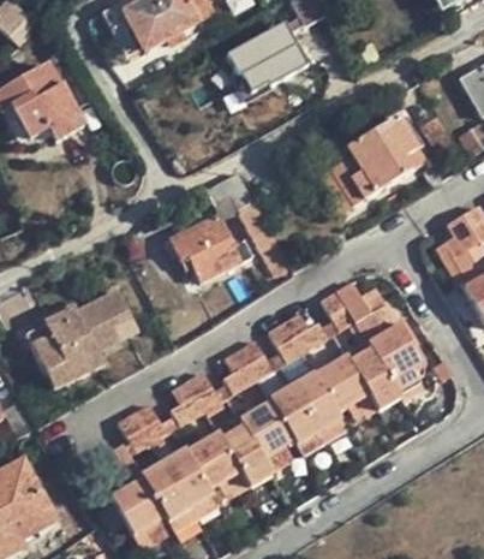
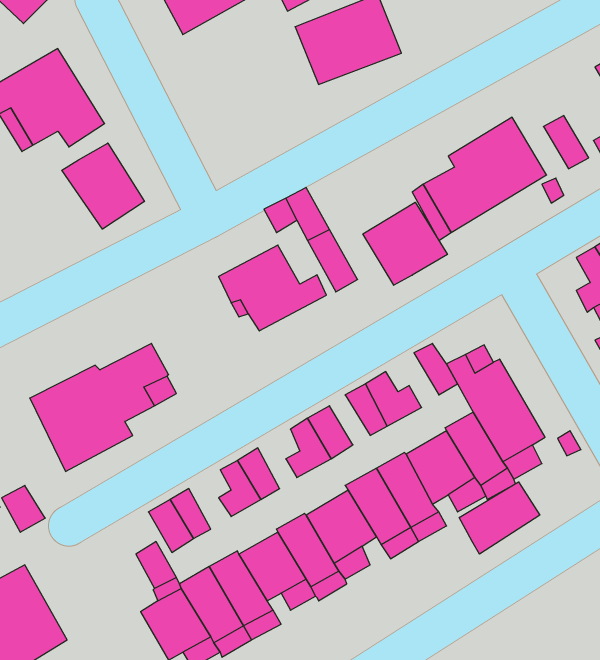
building: none -> [62,143,144,229]
building: none -> [363,202,447,285]
building: none -> [459,482,540,554]

